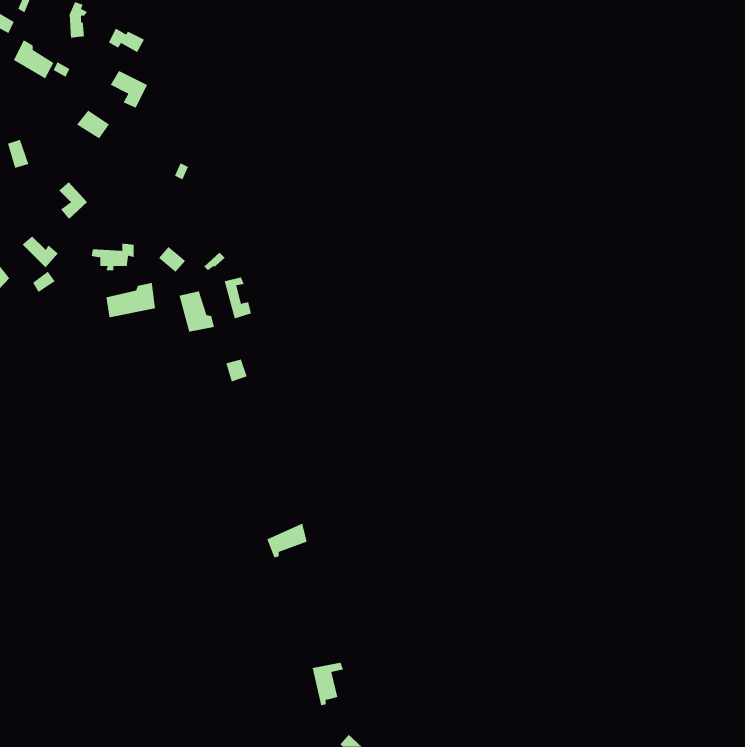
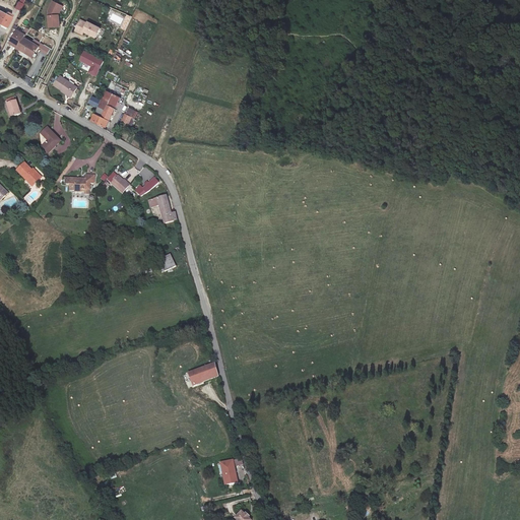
building: none -> [92,90,120,126]
building: [106,282,155,318] -> none
building: [179,290,215,333] -> none

